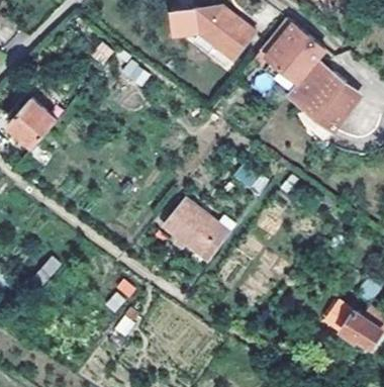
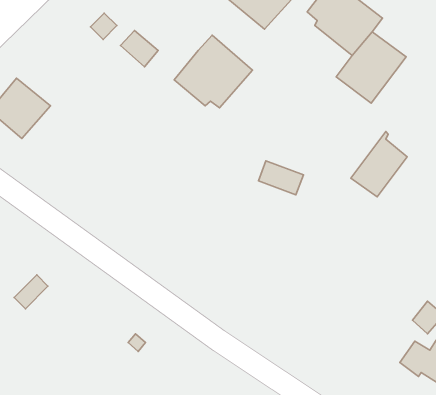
building: none -> [174,35,252,108]
building: [317,82,363,134] -> [351,132,407,197]
building: [165,199,229,260] -> none

